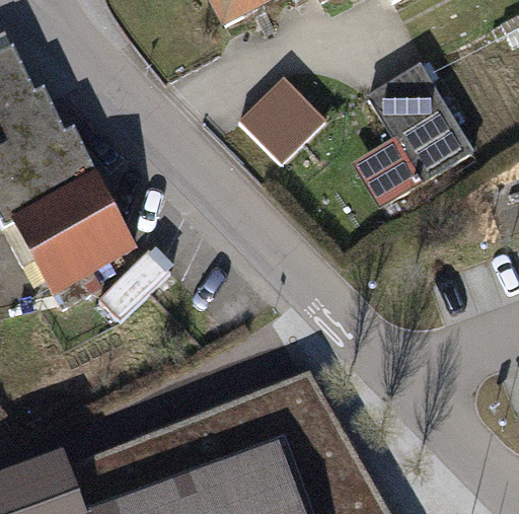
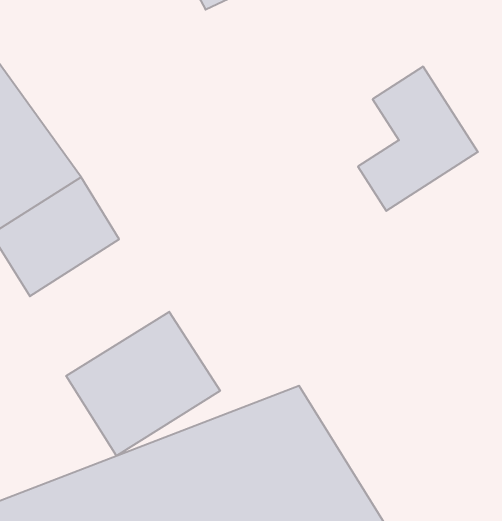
building: [246,85,333,172] -> none
building: none -> [66,312,220,456]

